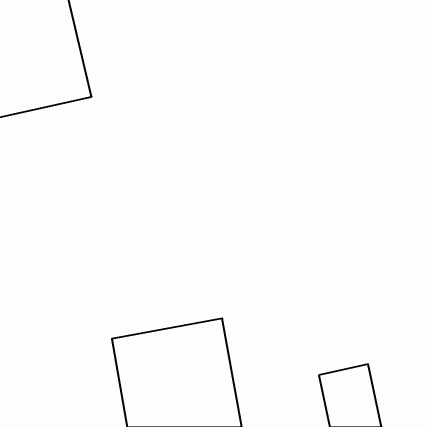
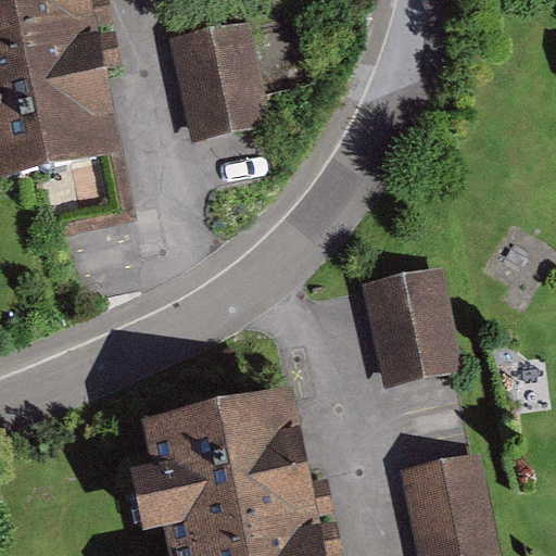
building: none -> [170,23,266,138]
building: none -> [370,277,454,383]

